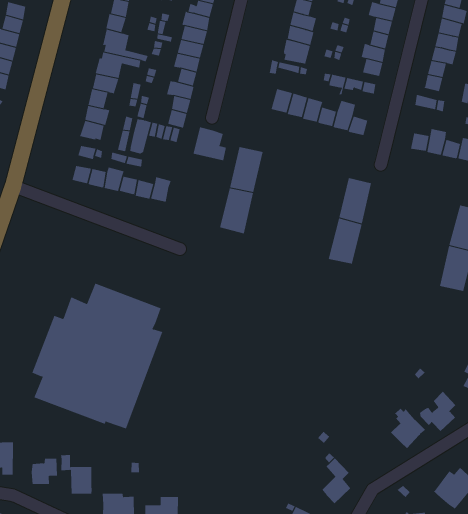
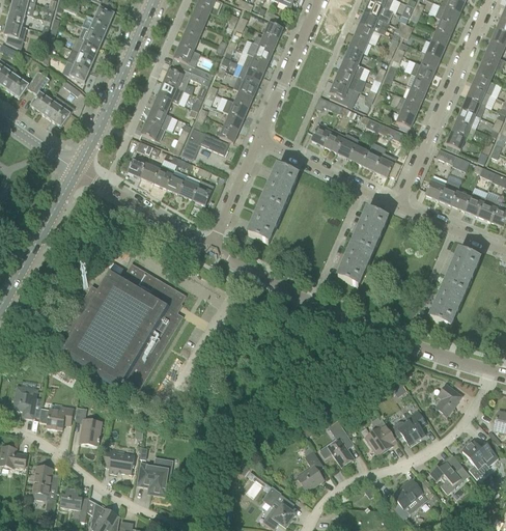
building: [193,127,227,161] -> none
building: none -> [328,419,354,467]

